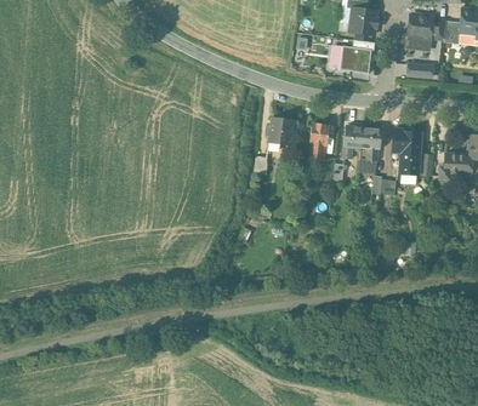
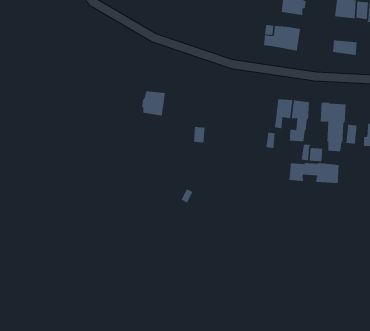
building: [267,118,294,145] -> [141,91,166,116]
building: [307,122,329,161] -> none
building: none -> [289,162,339,184]

